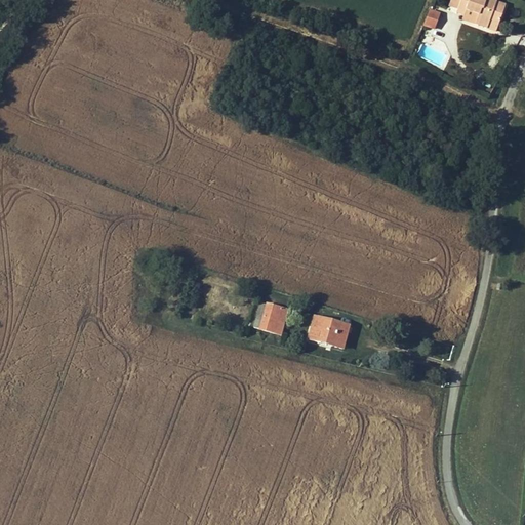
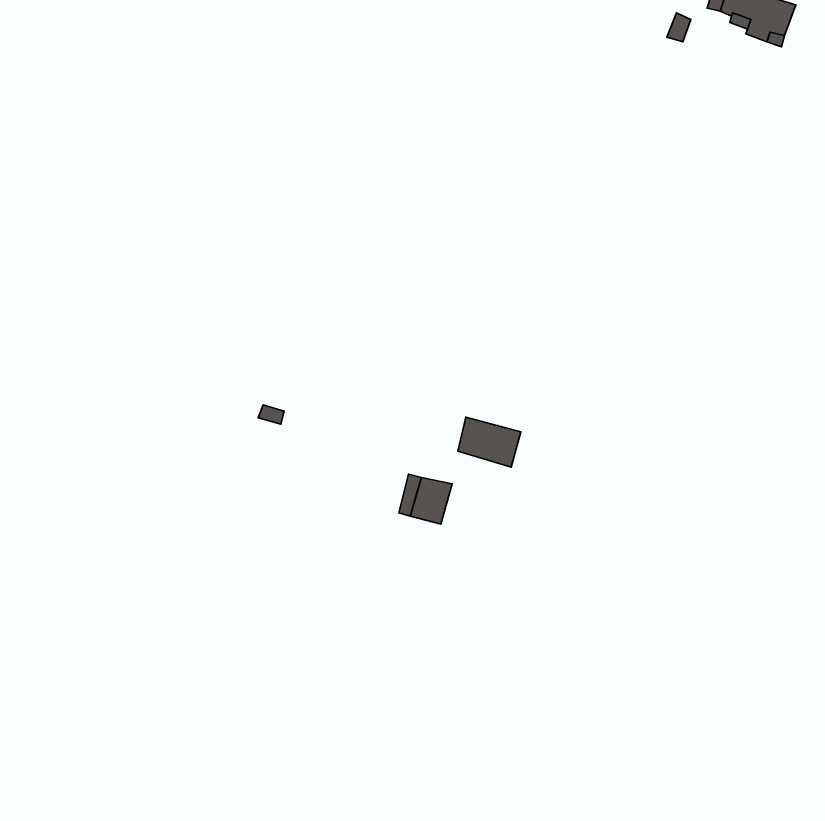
building: [309,316,349,348] -> [458,417,521,467]

